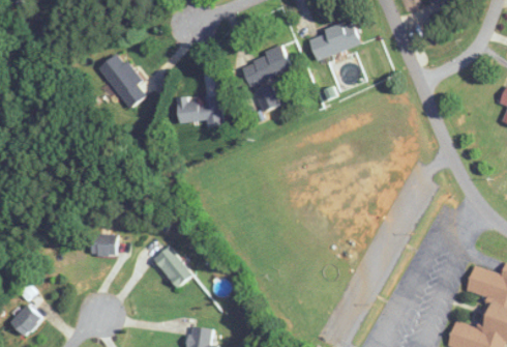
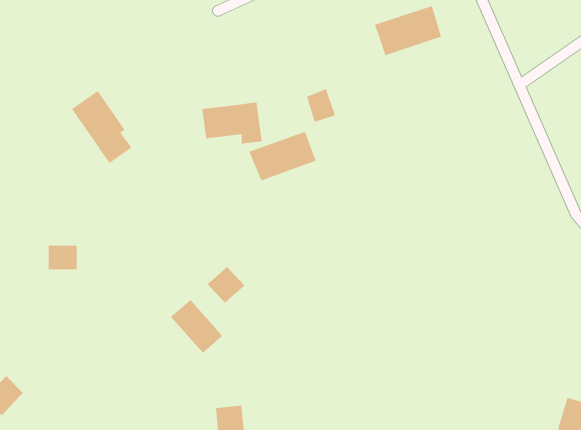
building: [239,48,291,86] -> [249,131,316,181]
building: [99,52,146,108] -> [71,90,132,164]
building: none -> [207,266,245,304]
building: [92,234,115,253] -> [48,245,78,270]

